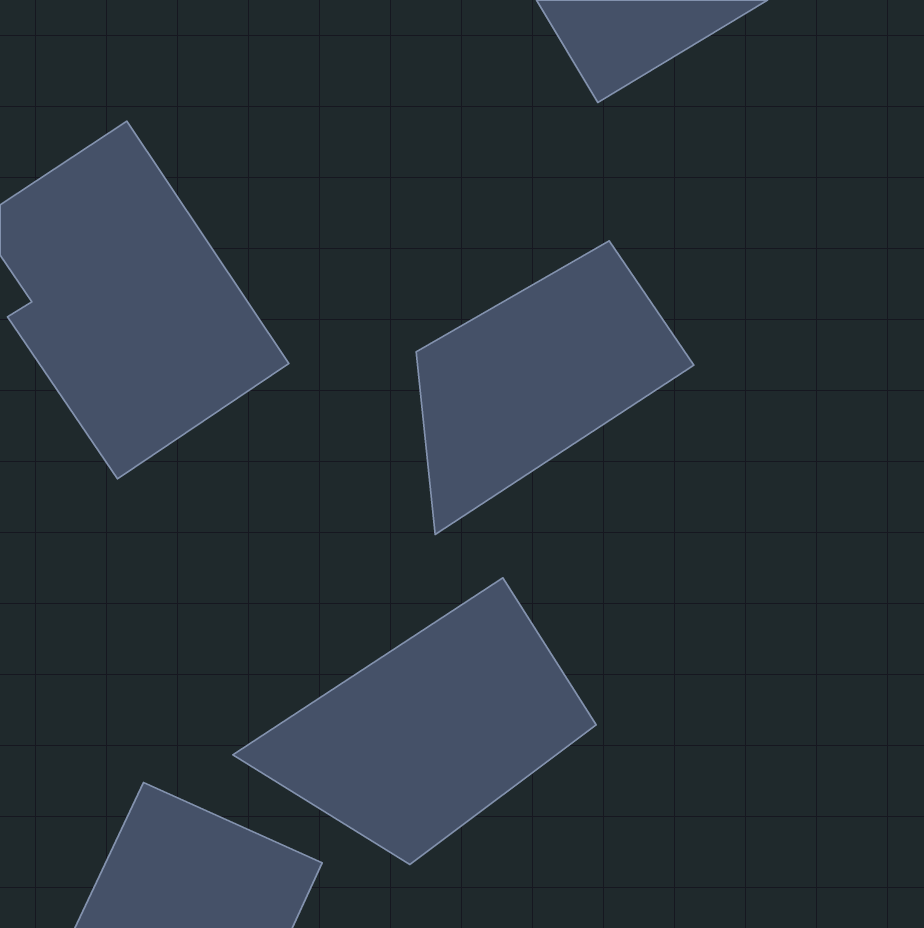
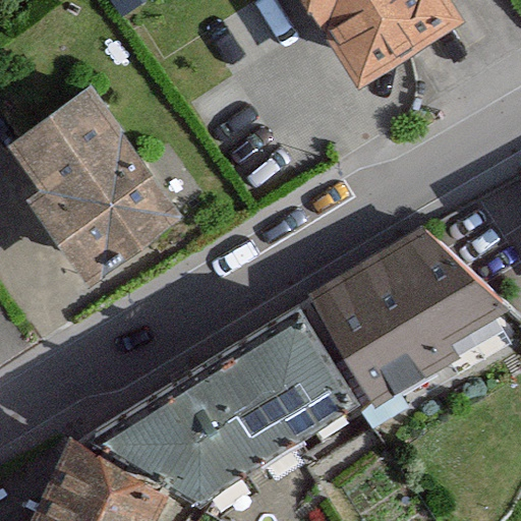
building: [416,241,694,535] -> none
building: none -> [324,242,499,397]

